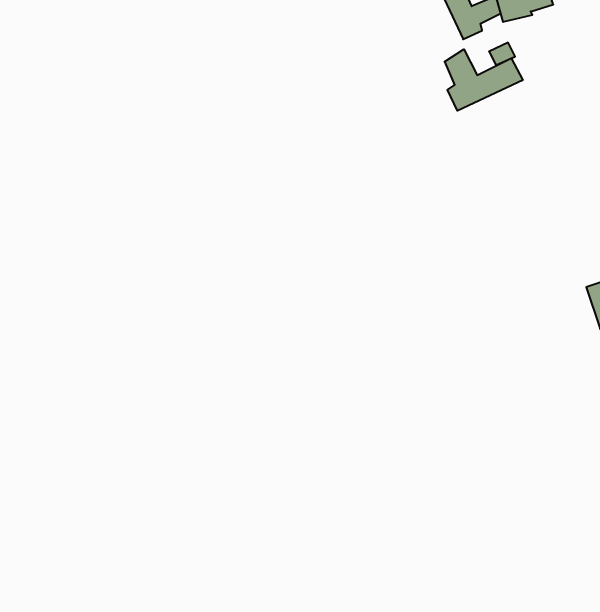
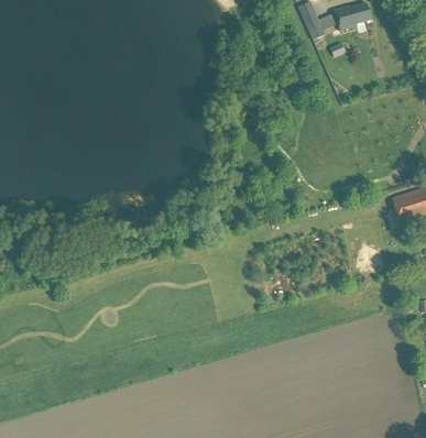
building: [445,49,523,111] -> none

